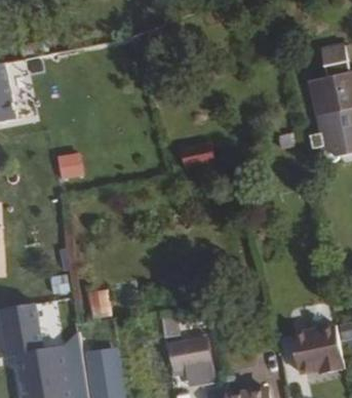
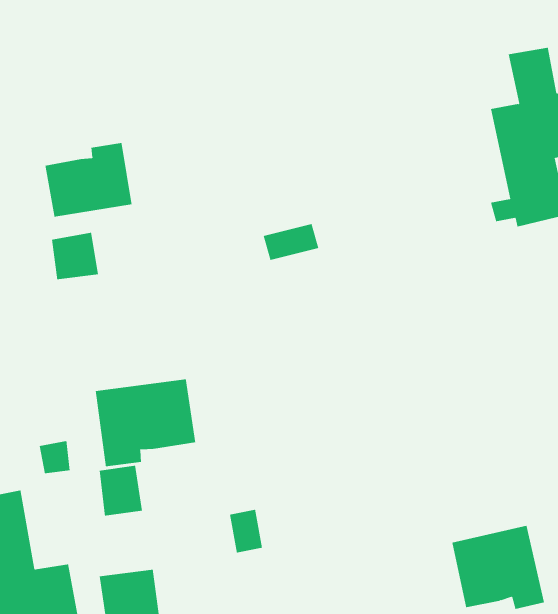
building: none -> [45,142,132,218]
building: none -> [95,378,196,467]
building: [168,336,212,371] -> none

